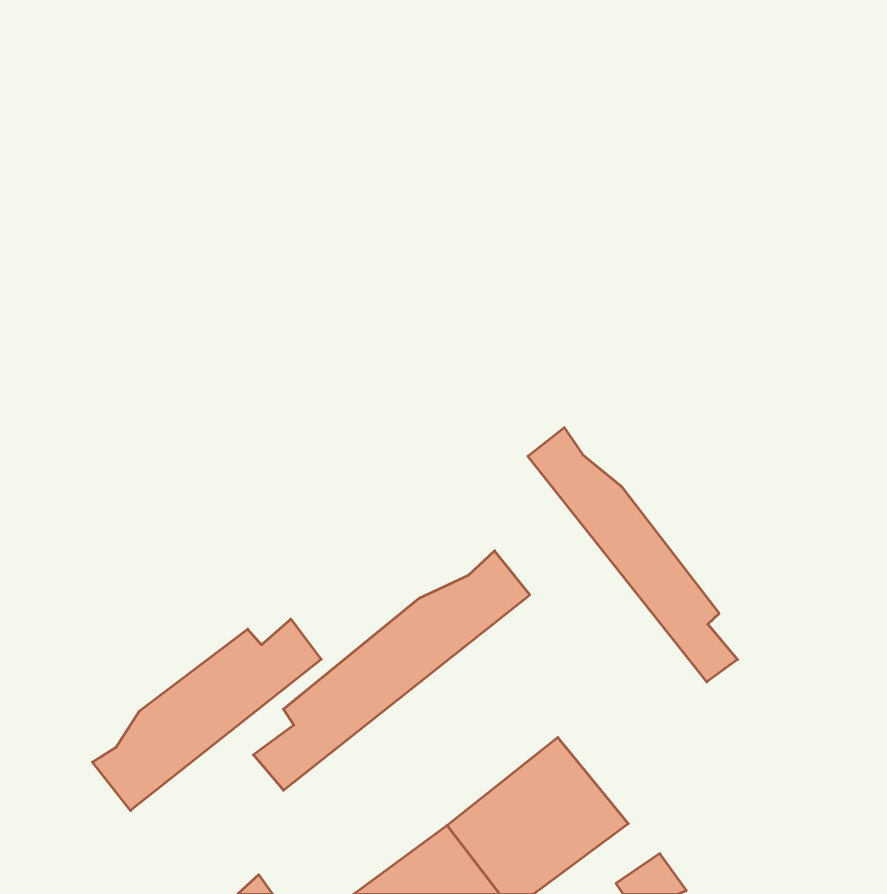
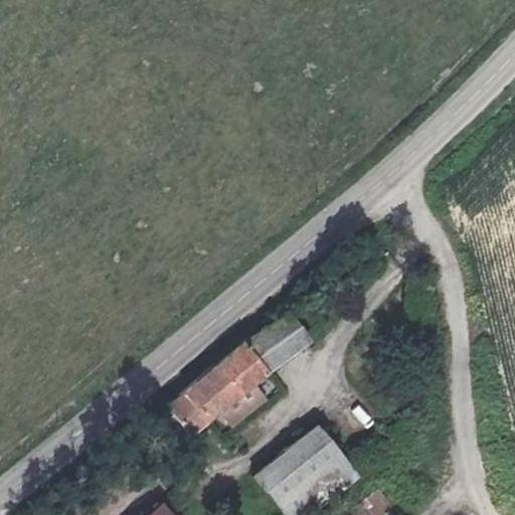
building: [528,428,738,682] -> none
building: [92,619,321,811] -> none

